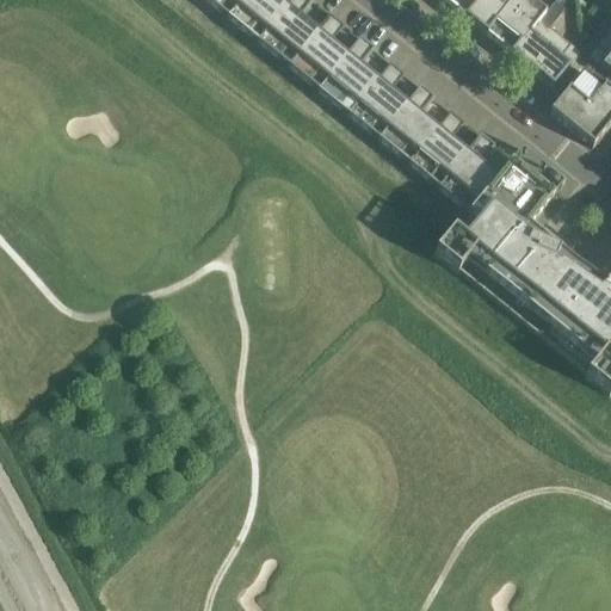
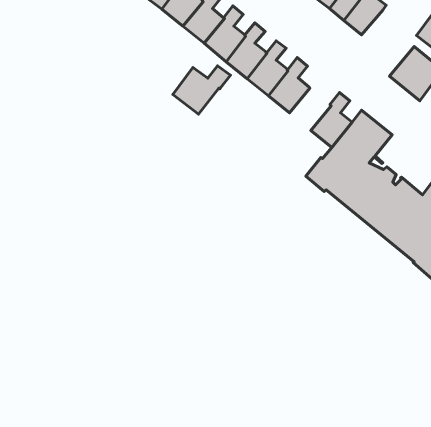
building: [512,14,582,82] -> none
building: none -> [173,66,230,114]
building: [411,106,469,184] -> none

